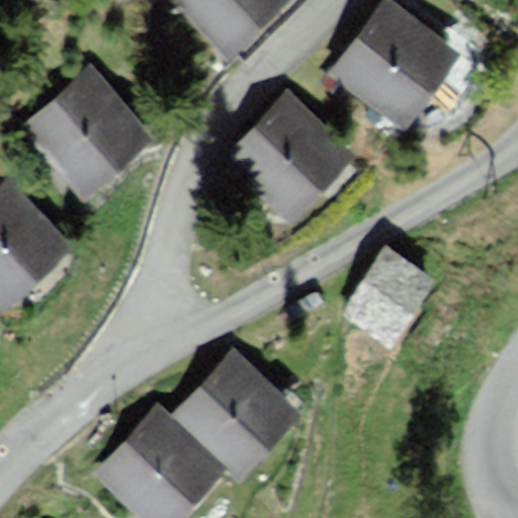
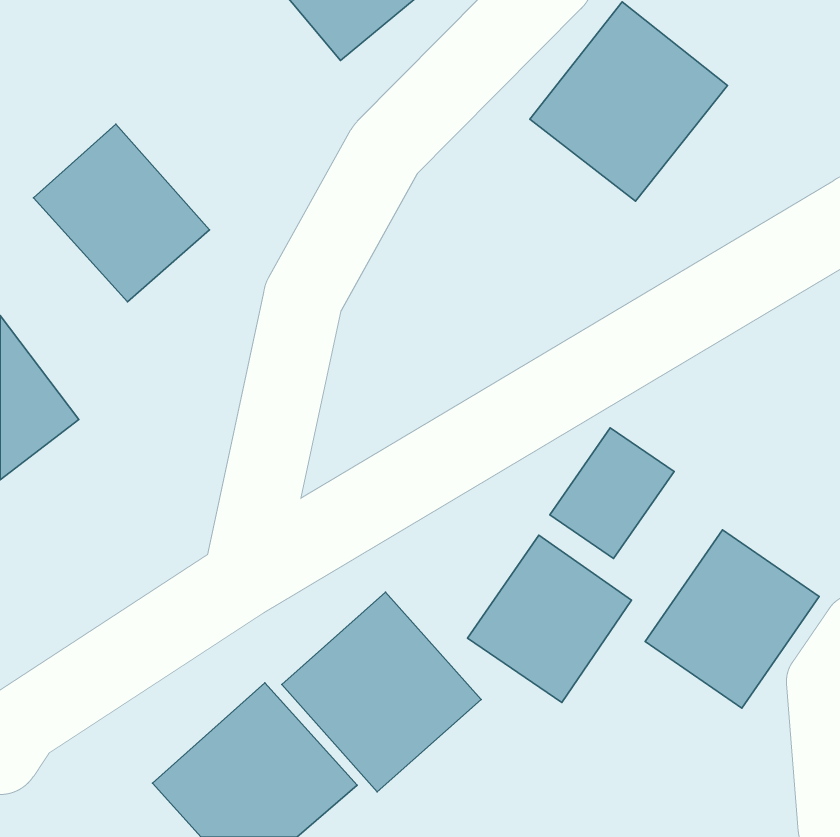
building: [232,96,344,207] -> none
building: none -> [645,530,819,708]
building: none -> [468,535,632,703]

